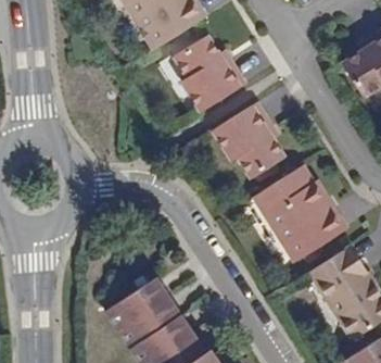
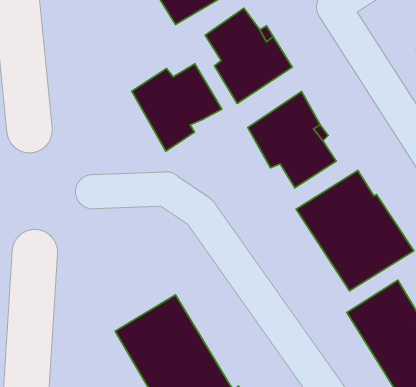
building: none -> [132,64,222,151]

